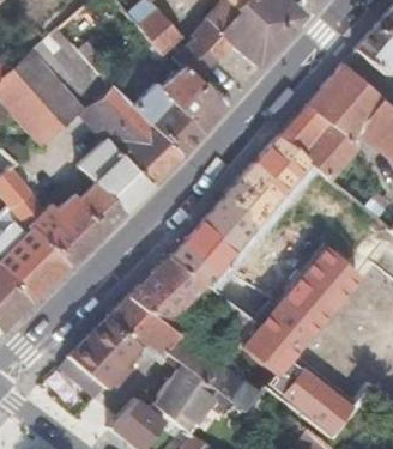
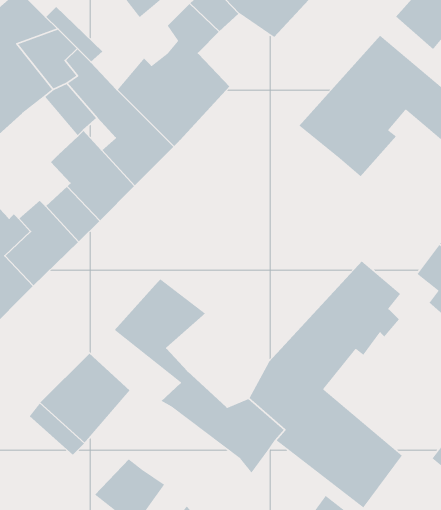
building: [169,136,310,316] -> none
building: [113,298,185,354] -> none
building: [155,359,231,430] -> none

